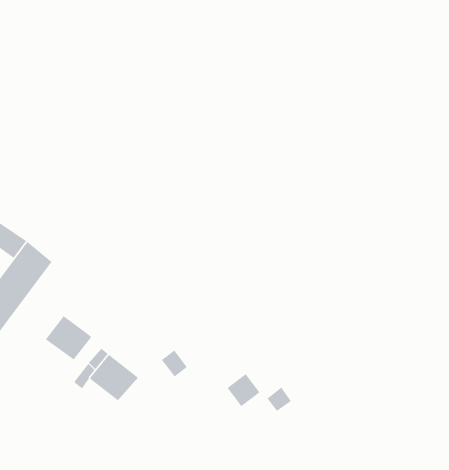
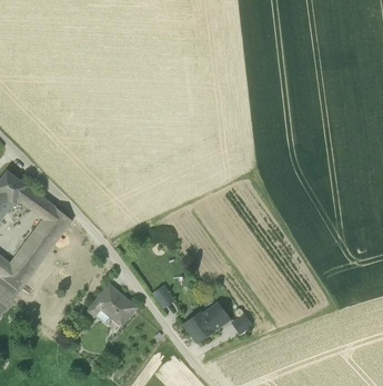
building: [45,315,92,360] -> none
building: none -> [182,311,212,342]

